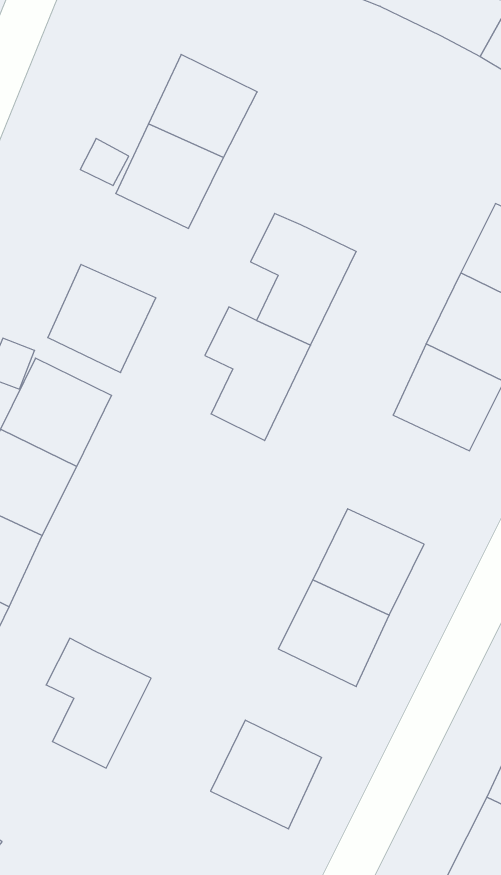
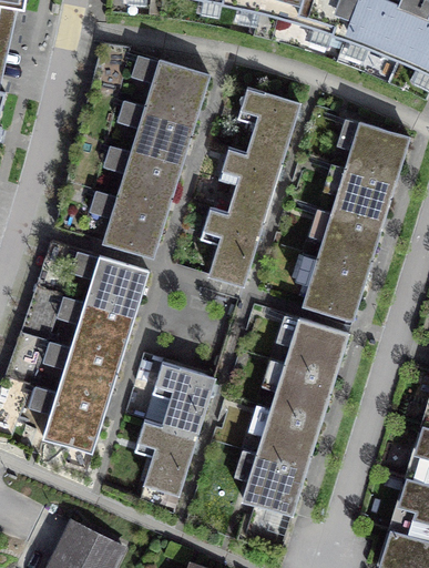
building: none -> [237,87,299,163]
building: none -> [118,150,178,209]
building: none -> [303,257,366,318]
building: none -> [152,361,214,436]
building: none -> [256,407,319,468]

